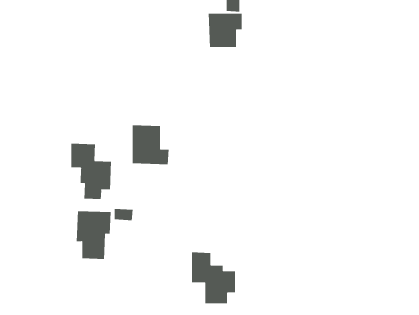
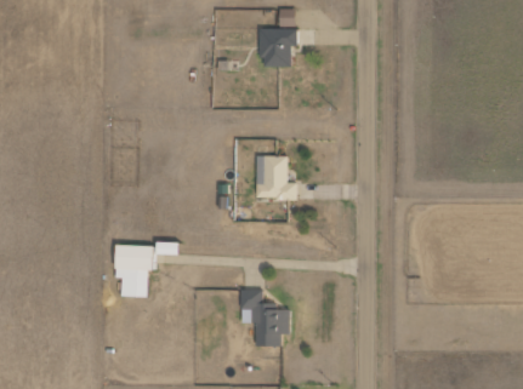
building: [132,125,170,165] -> [256,155,297,199]
building: [71,143,111,200] -> none

